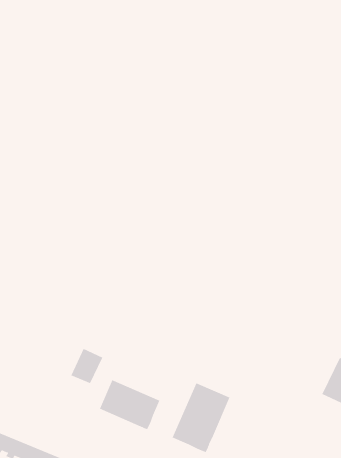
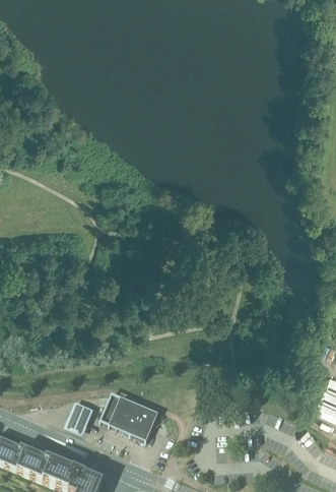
building: [71,348,103,384] -> [63,401,94,435]
building: [172,382,230,453] -> none

